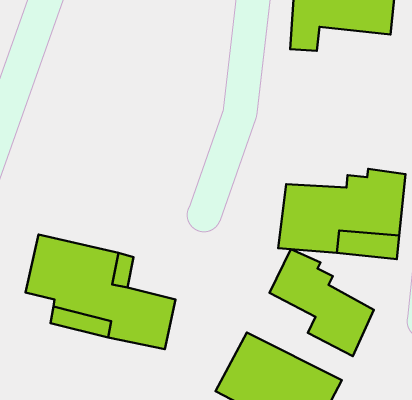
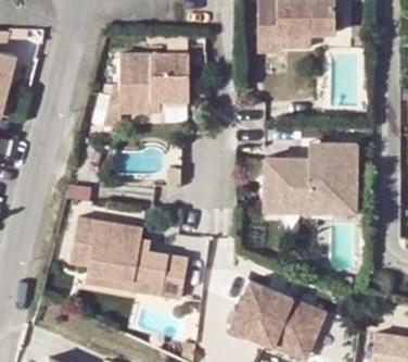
building: none -> [103,59,190,129]
building: [269,249,374,356] -> none

